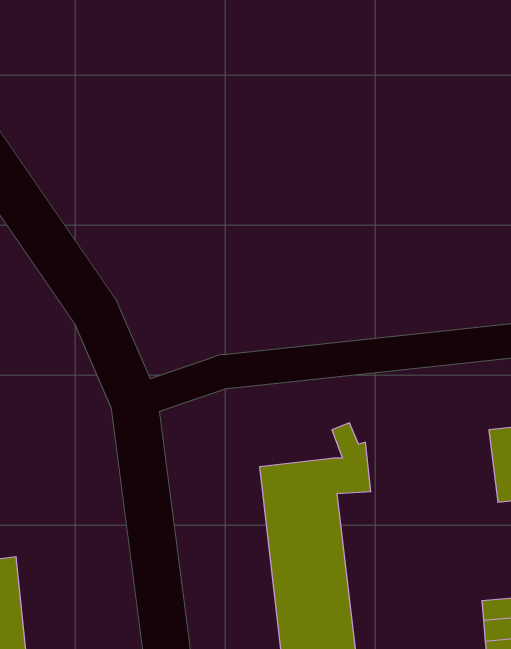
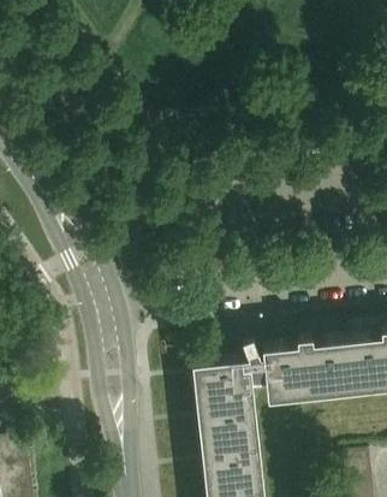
building: none -> [266,343,356,404]

